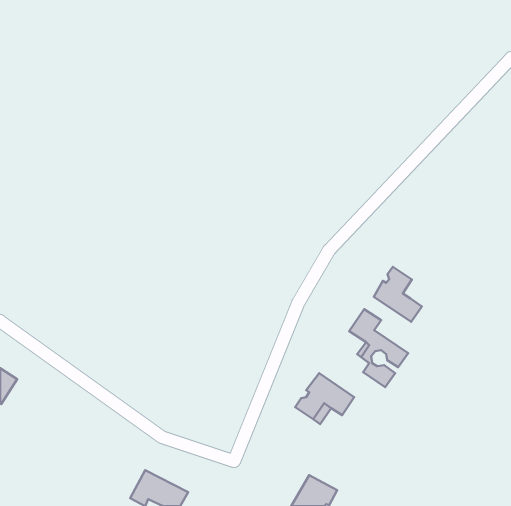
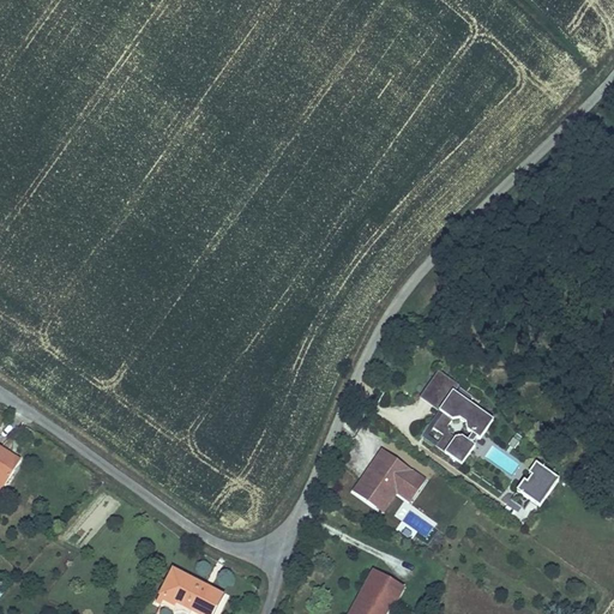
building: [374,267,422,322] -> none
building: none -> [514,465,556,508]

